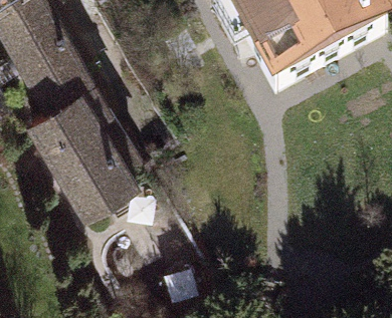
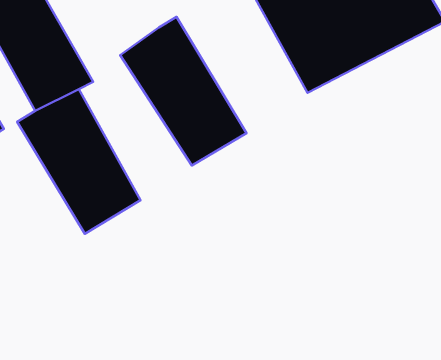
building: none -> [120,17,247,166]

